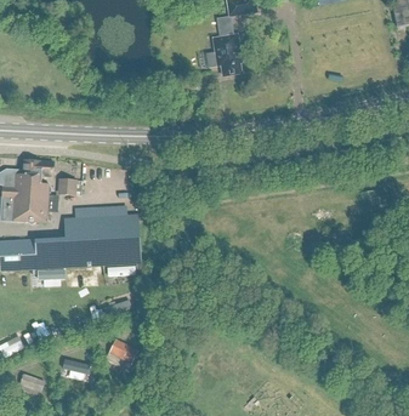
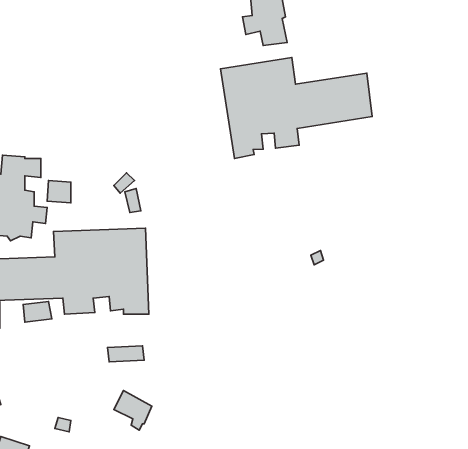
building: none -> [221,58,372,158]

